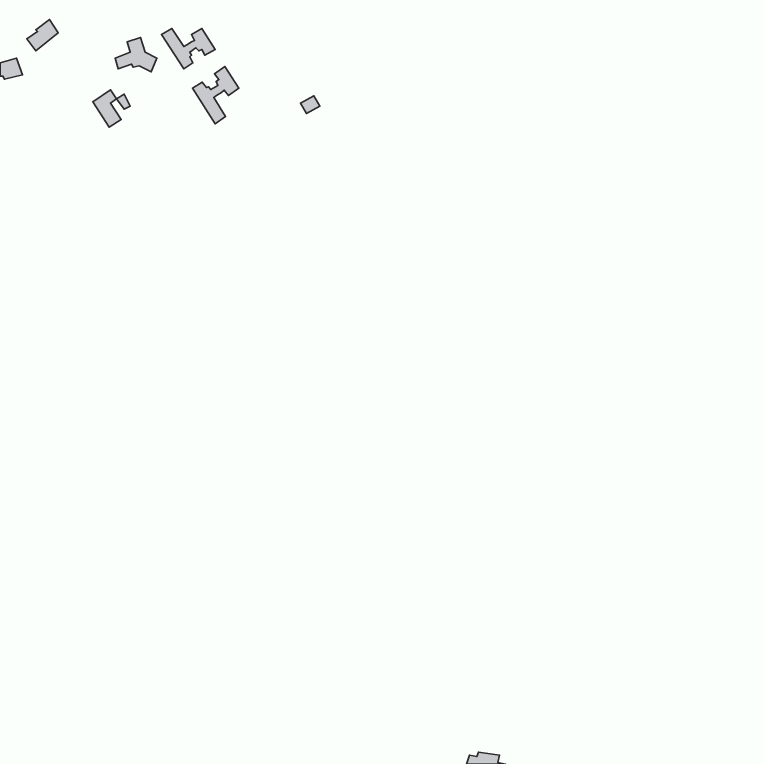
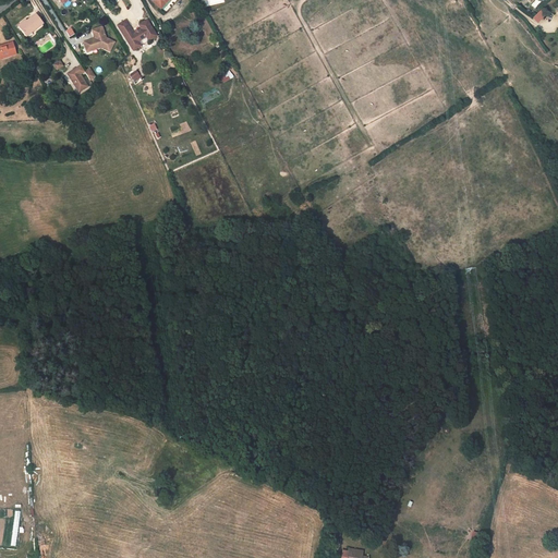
building: [193,67,239,124] -> none

